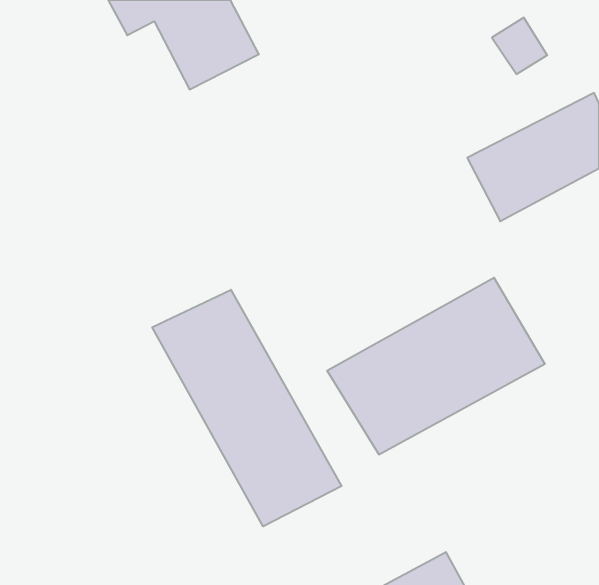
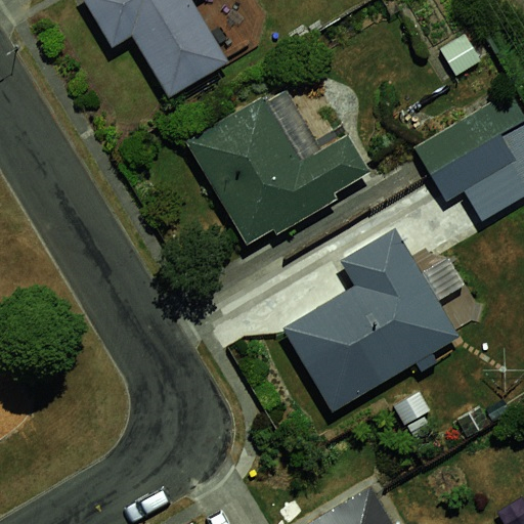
building: none -> [189,88,380,249]
building: [152,290,342,526] -> none

